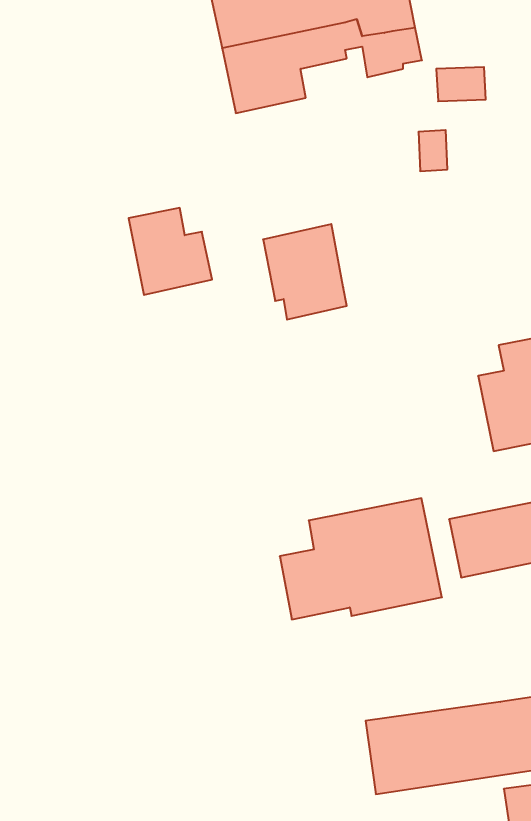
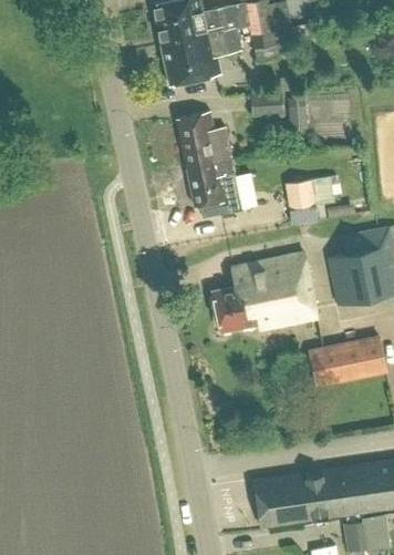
building: [436,67,486,101] -> [250,94,282,116]
building: [129,208,212,295] -> [177,112,231,168]
building: none -> [284,177,333,210]
building: [280,498,442,619] -> [211,254,317,332]

